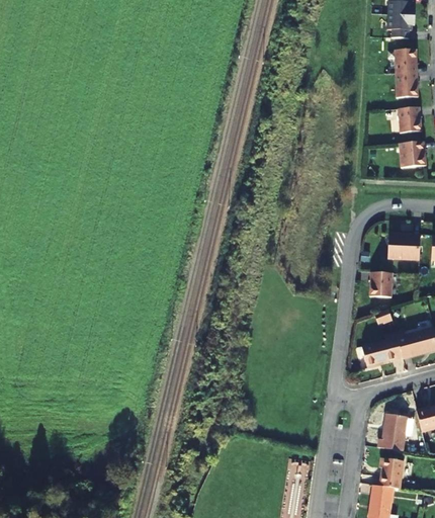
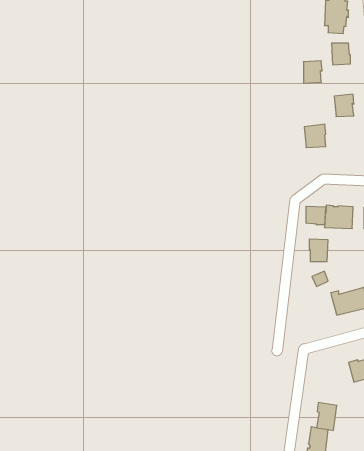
building: [397,74,418,99] -> [303,61,322,83]
building: [401,142,425,168] -> [304,124,326,148]
building: none -> [306,206,325,225]
building: [359,337,401,368] -> none
building: [376,414,406,451] -> none

